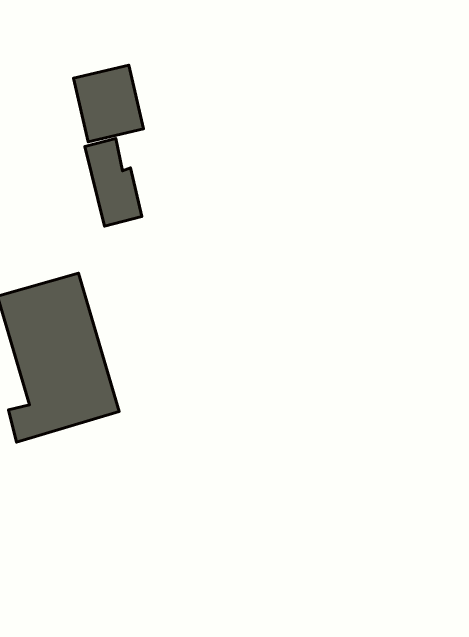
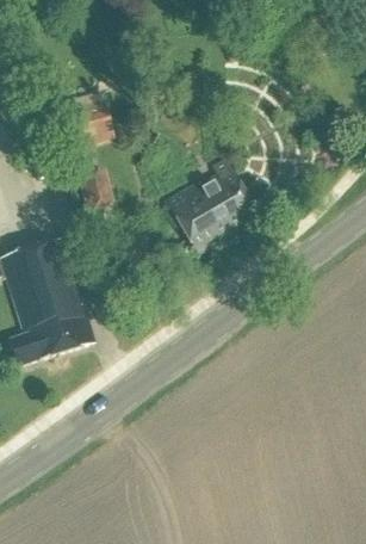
building: none -> [163,157,247,249]

